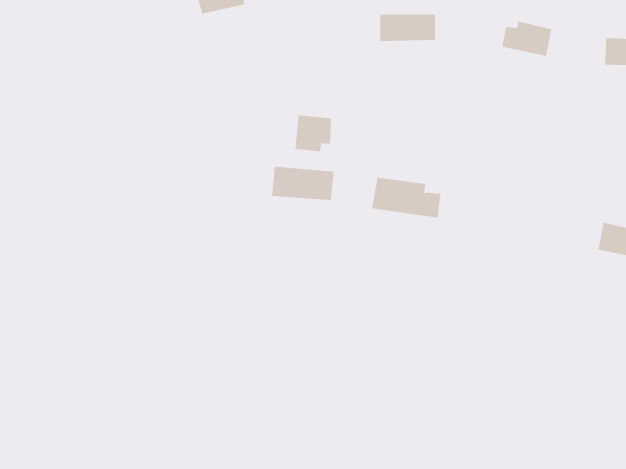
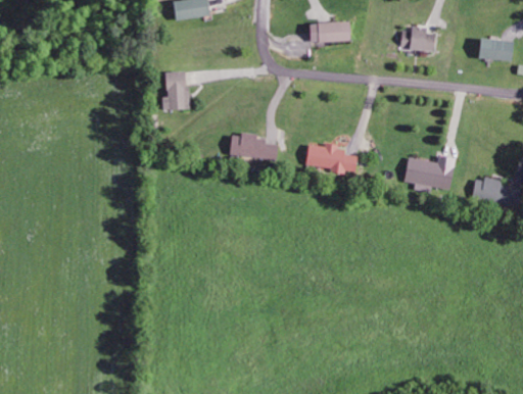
building: none -> [164,70,191,110]
building: [295,114,332,152] -> none
building: none -> [403,154,455,194]

